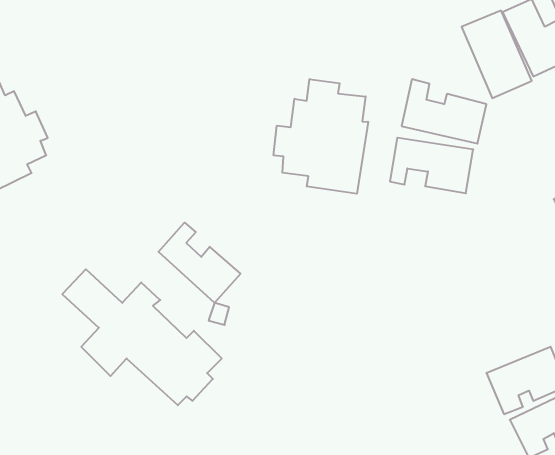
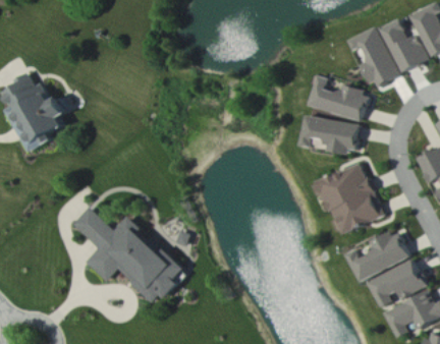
building: [274,79,368,194] -> none
building: none -> [319,163,384,234]
building: [158,223,240,303] -> none
building: none -> [347,230,409,282]

